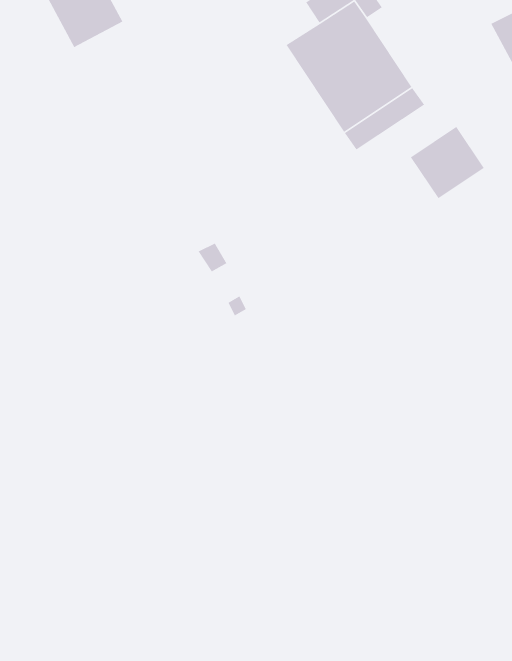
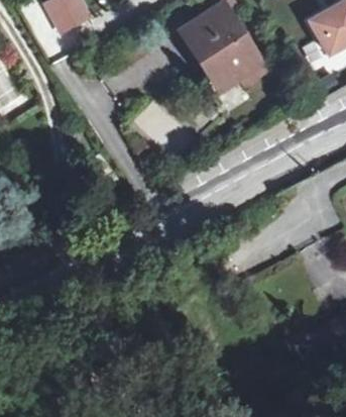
building: [410,126,485,199] -> none

